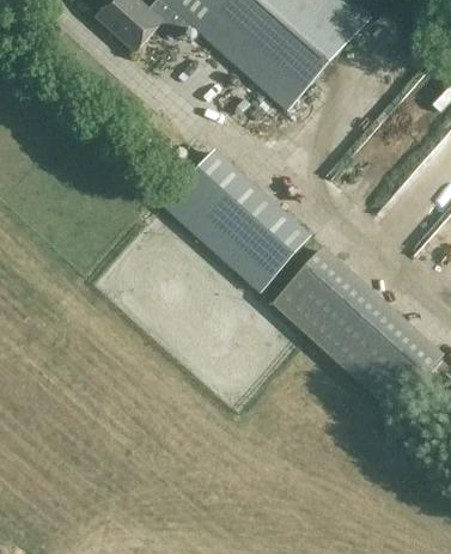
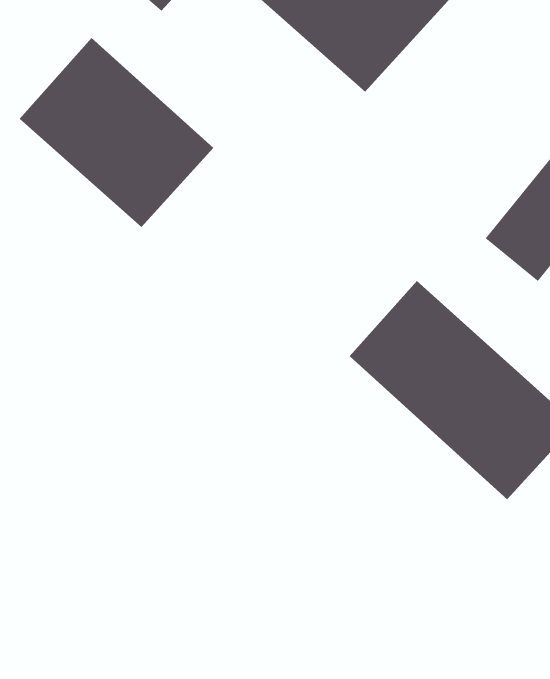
building: none -> [19,37,214,228]
building: [163,148,311,293] -> none

